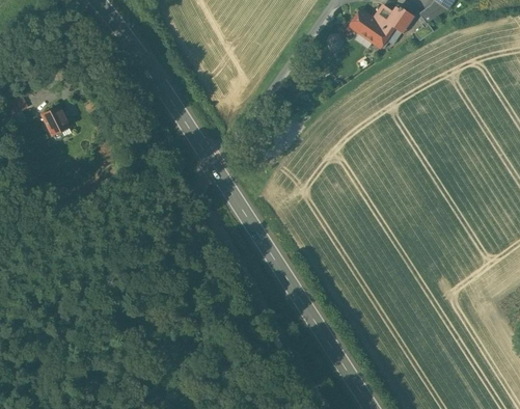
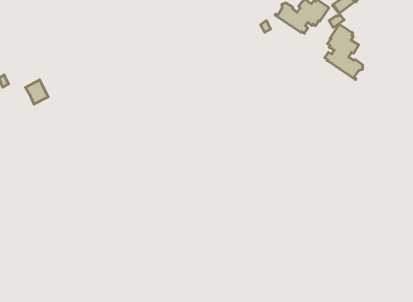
building: none -> [325,24,363,80]

